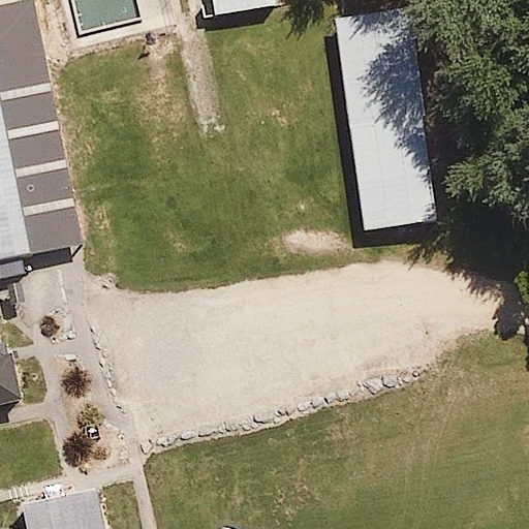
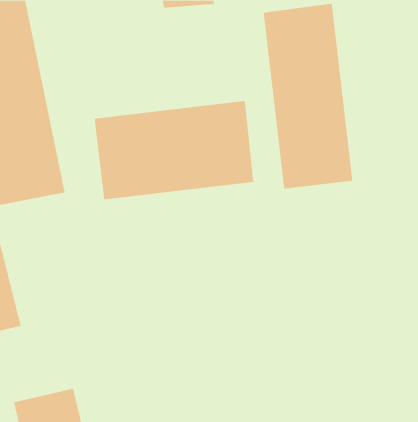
building: none -> [94,100,254,200]

